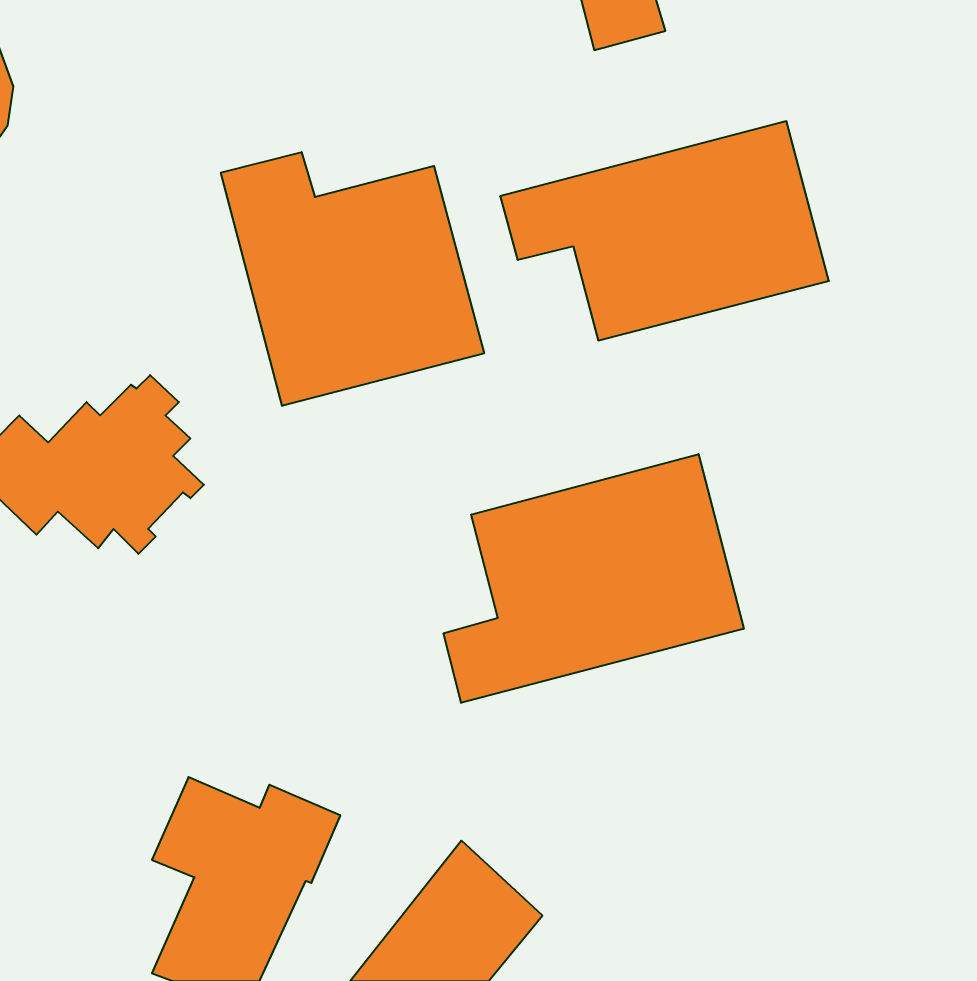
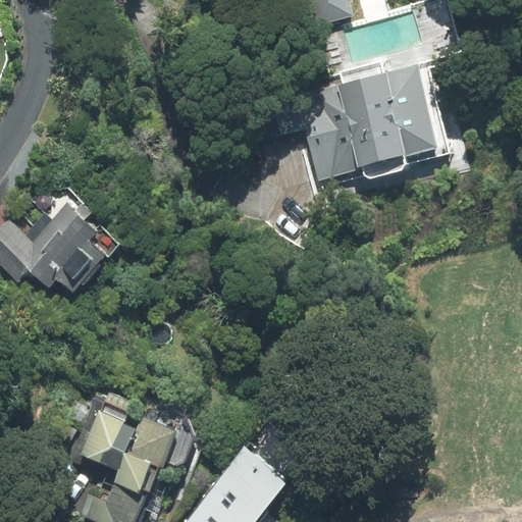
building: [221,152,484,406] -> none
building: [444,454,744,703] -> none

